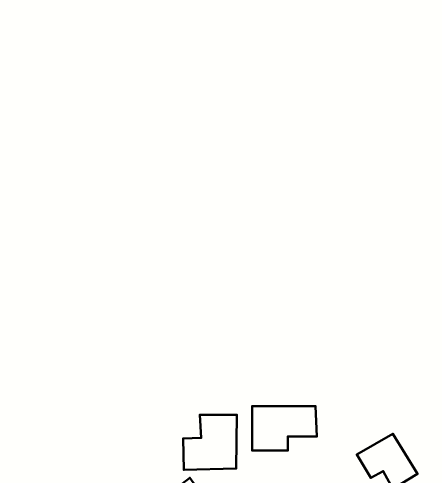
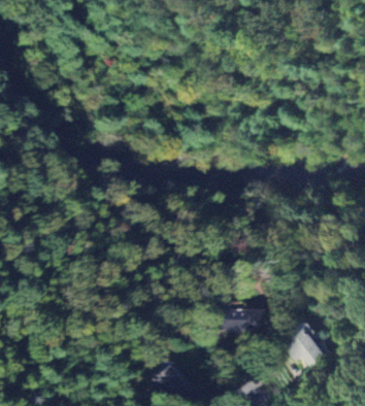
building: [183,415,237,470] -> none

